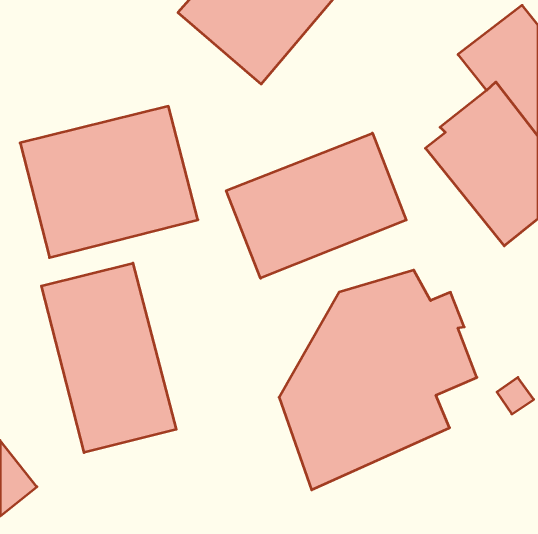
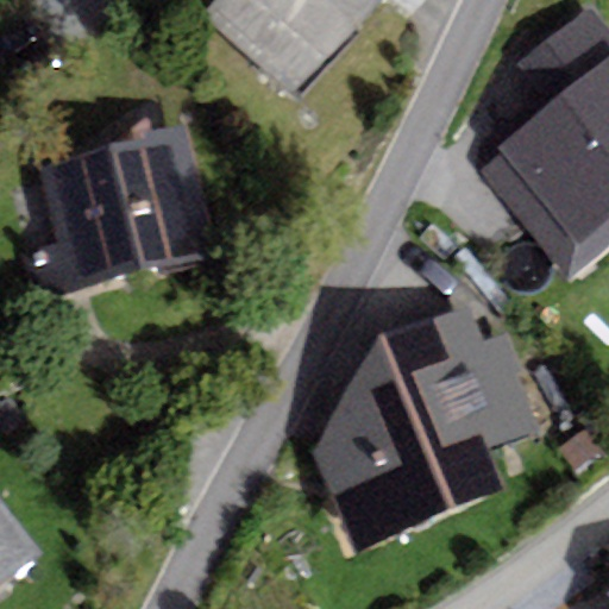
building: [226,133,406,278] -> none
building: [41,263,176,453] -> none

